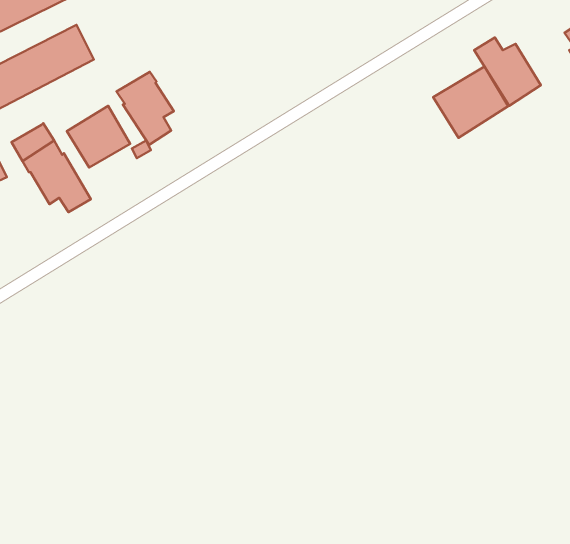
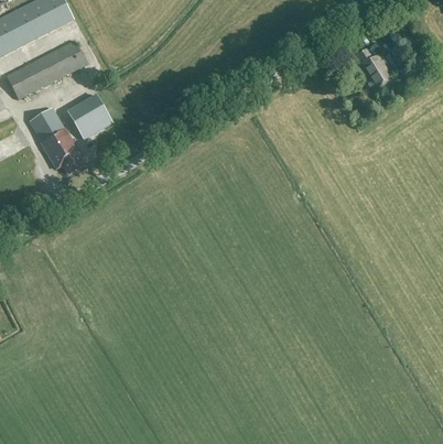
building: [433,66,508,138] -> none
building: [116,72,174,145] -> none

